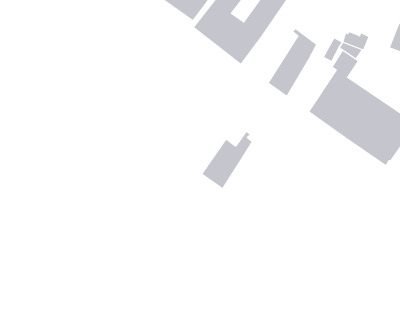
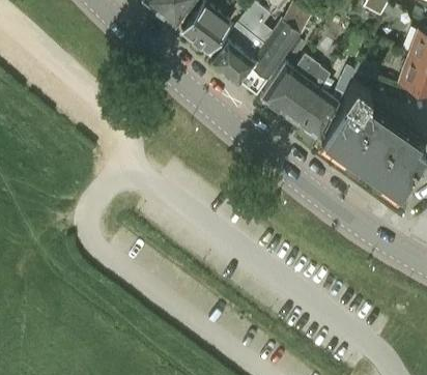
building: none -> [301,90,339,140]
building: [201,131,253,189] -> [261,56,311,112]

